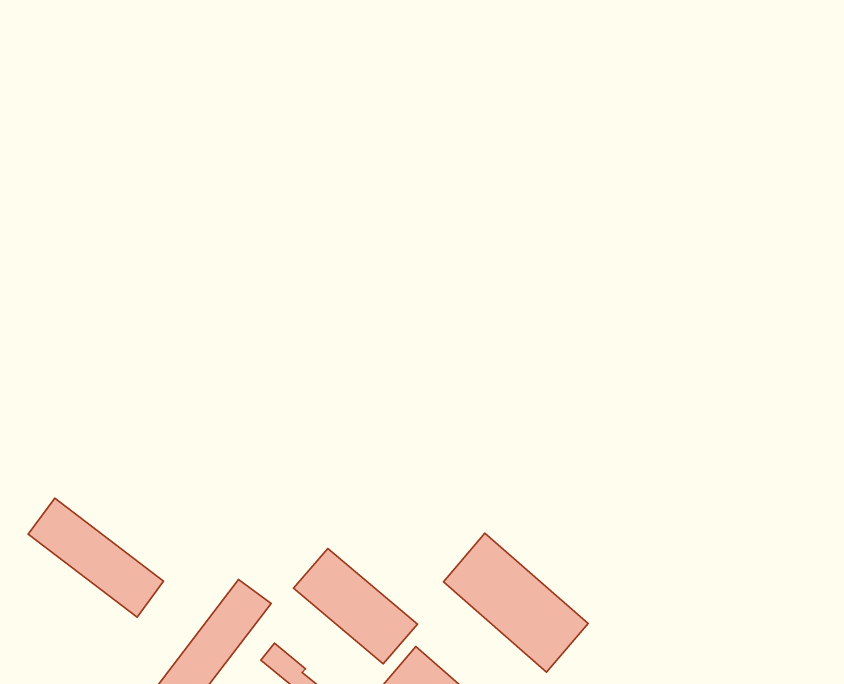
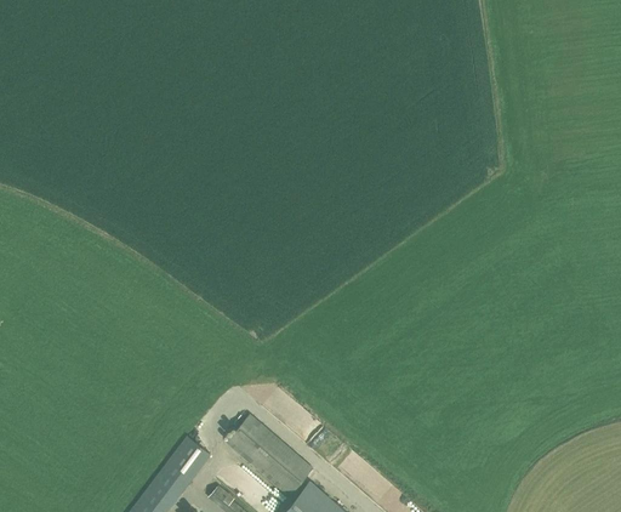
building: [28,498,163,617] -> none
building: [443,533,588,672] -> none

